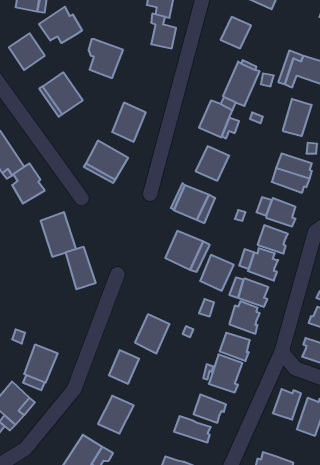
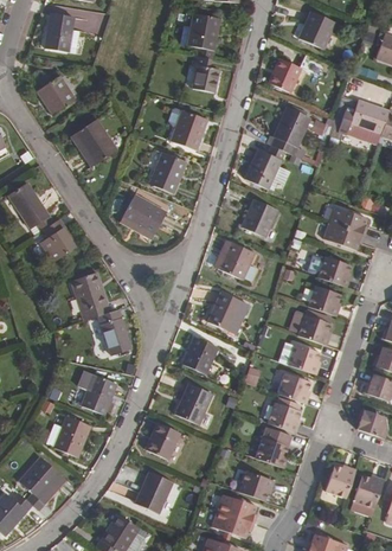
building: [39,7,82,43] -> none
building: [88,39,123,78] -> [169,108,207,150]
building: [283,99,312,136] -> none
building: [200,255,234,291] -> [181,335,218,374]
building: none -> [81,374,116,415]
building: none -> [212,511,253,538]

